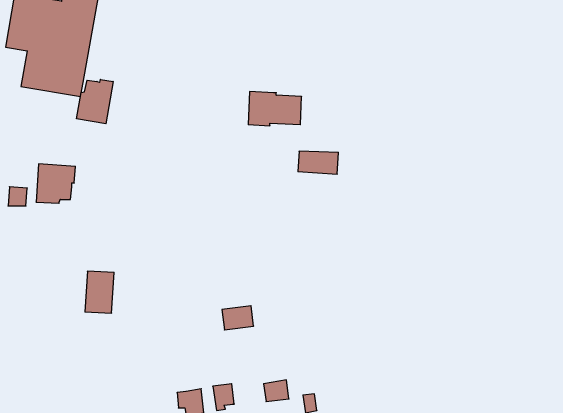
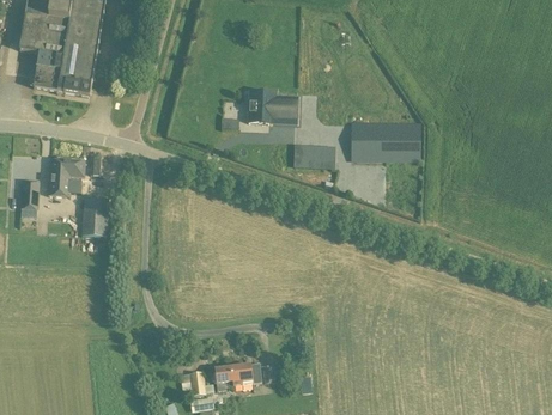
building: [77,79,113,124] -> none
building: none -> [350,122,419,161]
building: [85,271,114,313] -> [80,197,108,237]
building: [222,306,254,330] -> [231,362,261,385]

